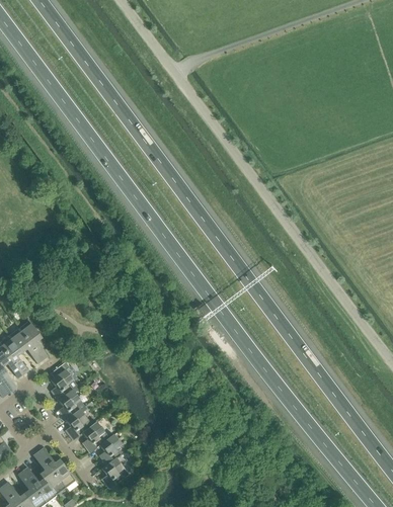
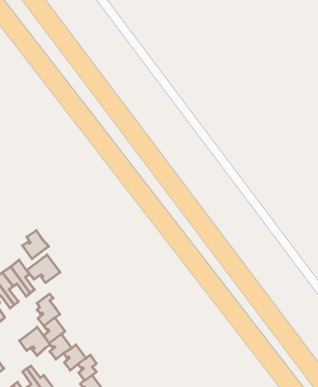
building: none -> [22,230,49,259]
building: none -> [27,255,60,283]
building: none -> [19,327,50,356]

